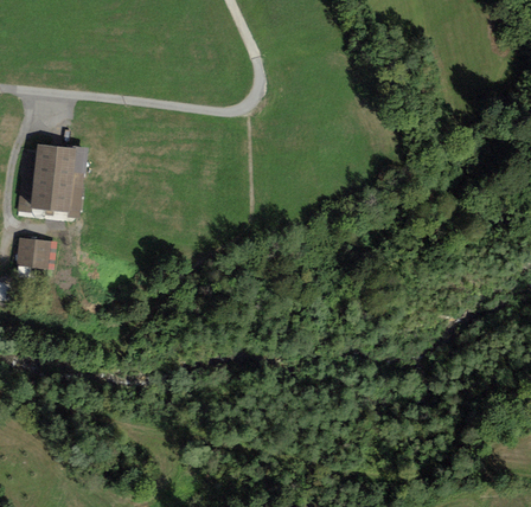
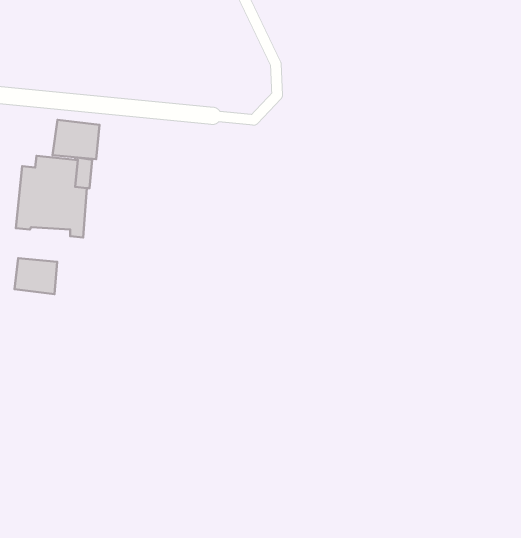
building: none -> [53,120,99,159]

